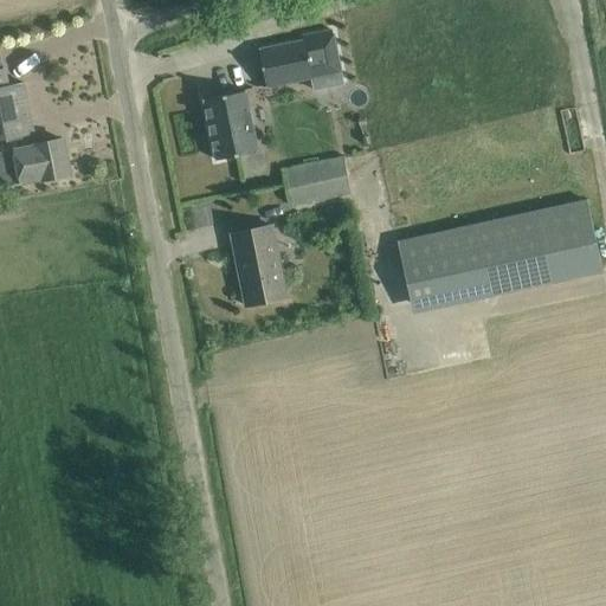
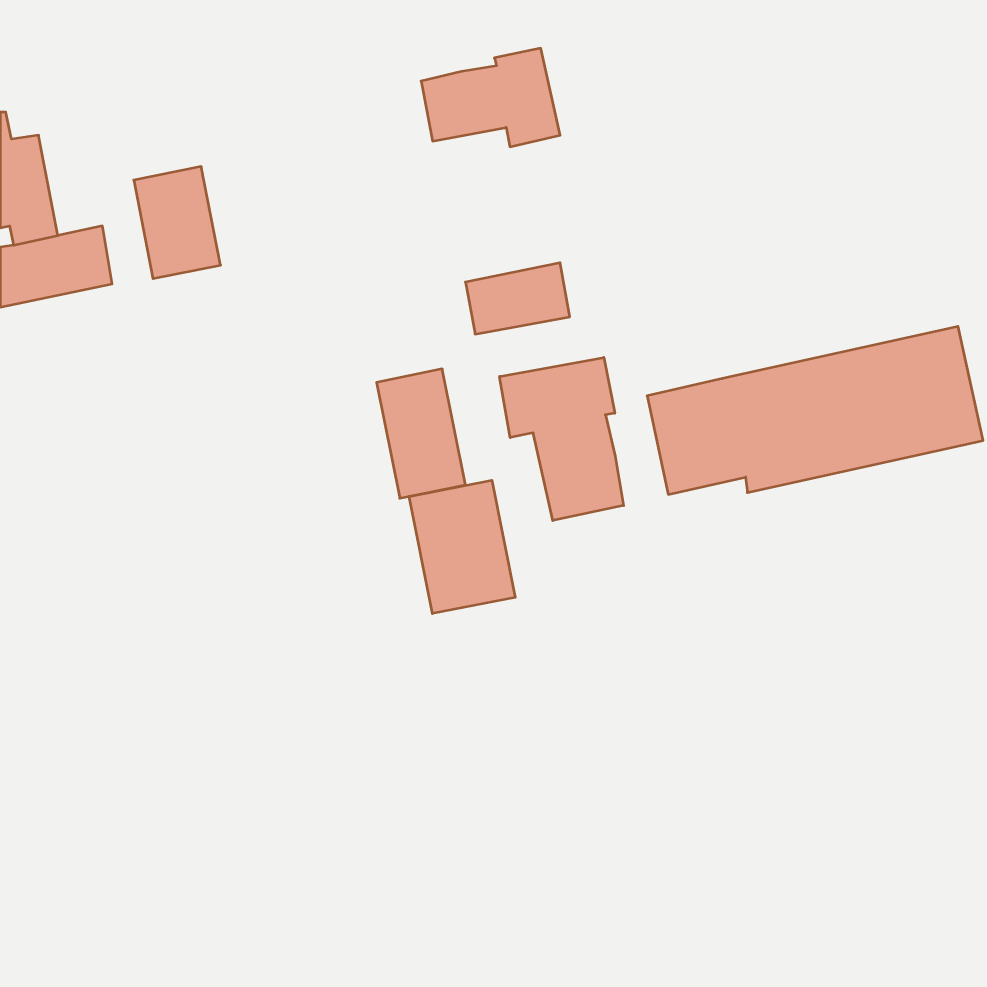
building: [204,91,257,160] -> [134,167,221,279]
building: none -> [500,357,624,521]
building: none -> [409,480,515,614]

